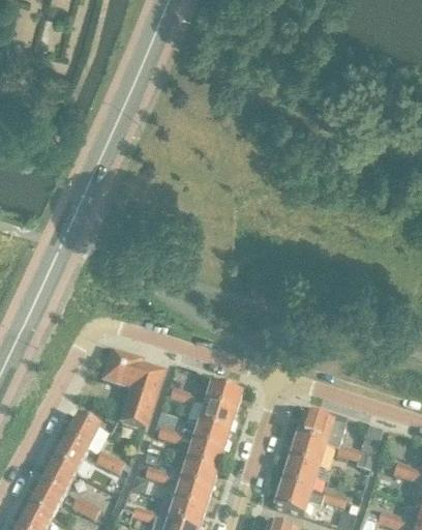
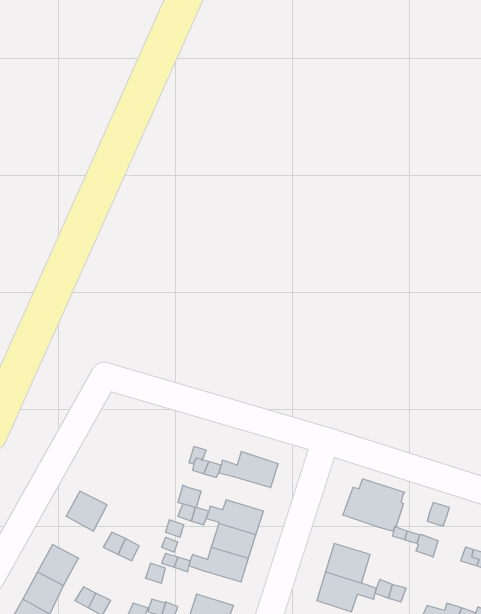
building: [103,353,162,432] -> none
building: [198,405,235,434] -> none
building: [288,437,325,470] -> none
building: [53,438,87,473] -> none
building: [173,483,210,512] -> none

